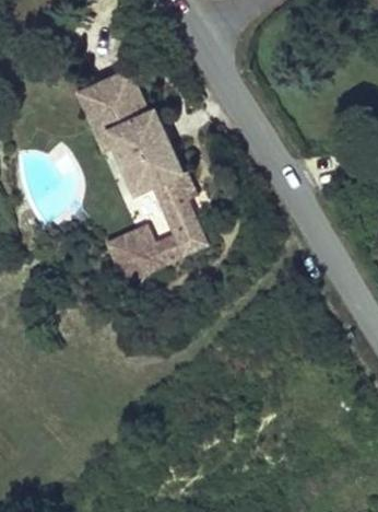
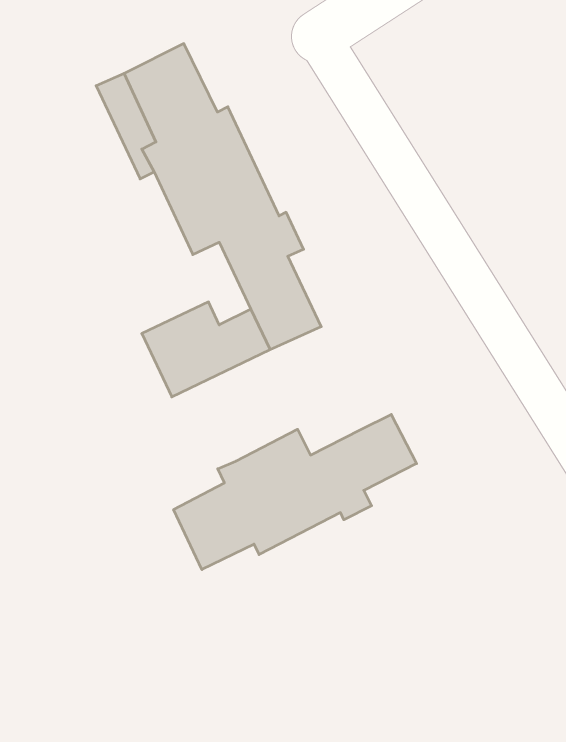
building: none -> [174,414,417,570]

